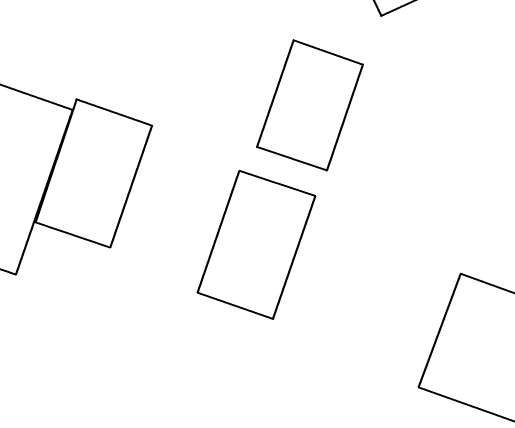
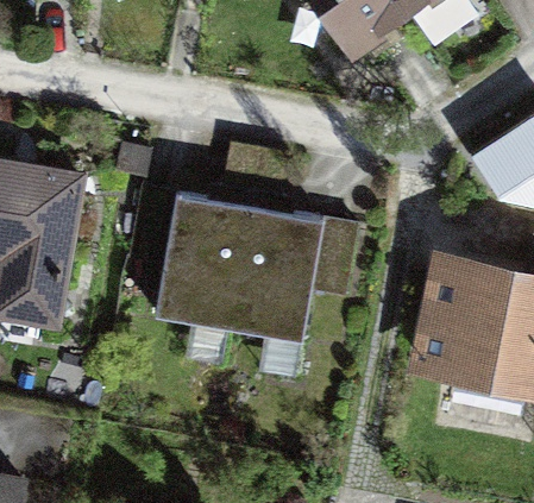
building: [257,40,363,171] -> none
building: [36,99,152,247] -> [153,196,244,323]

